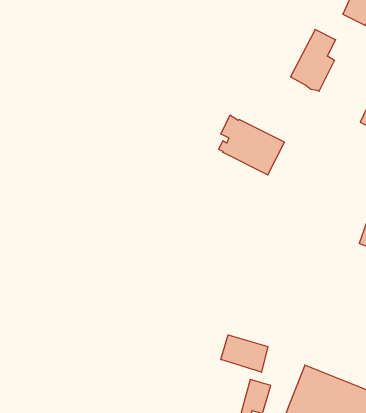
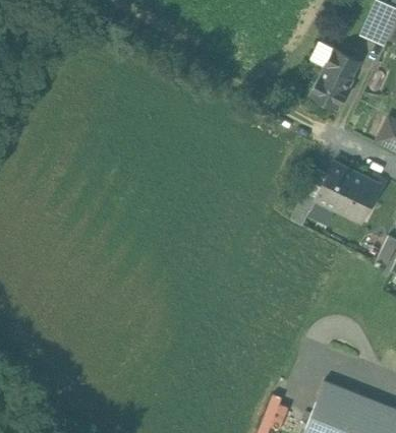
building: [219,115,284,175] -> [315,161,380,220]
building: [221,335,268,372] -> none

